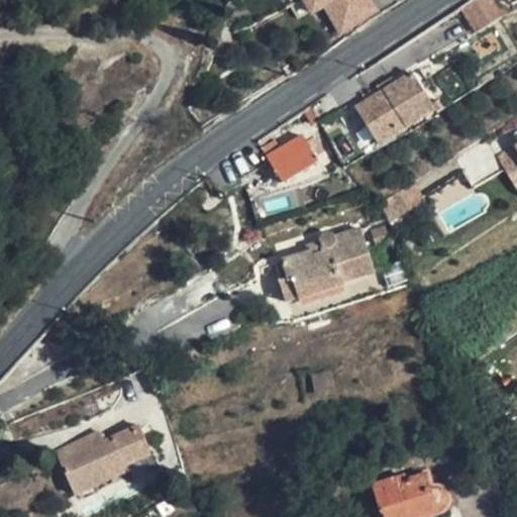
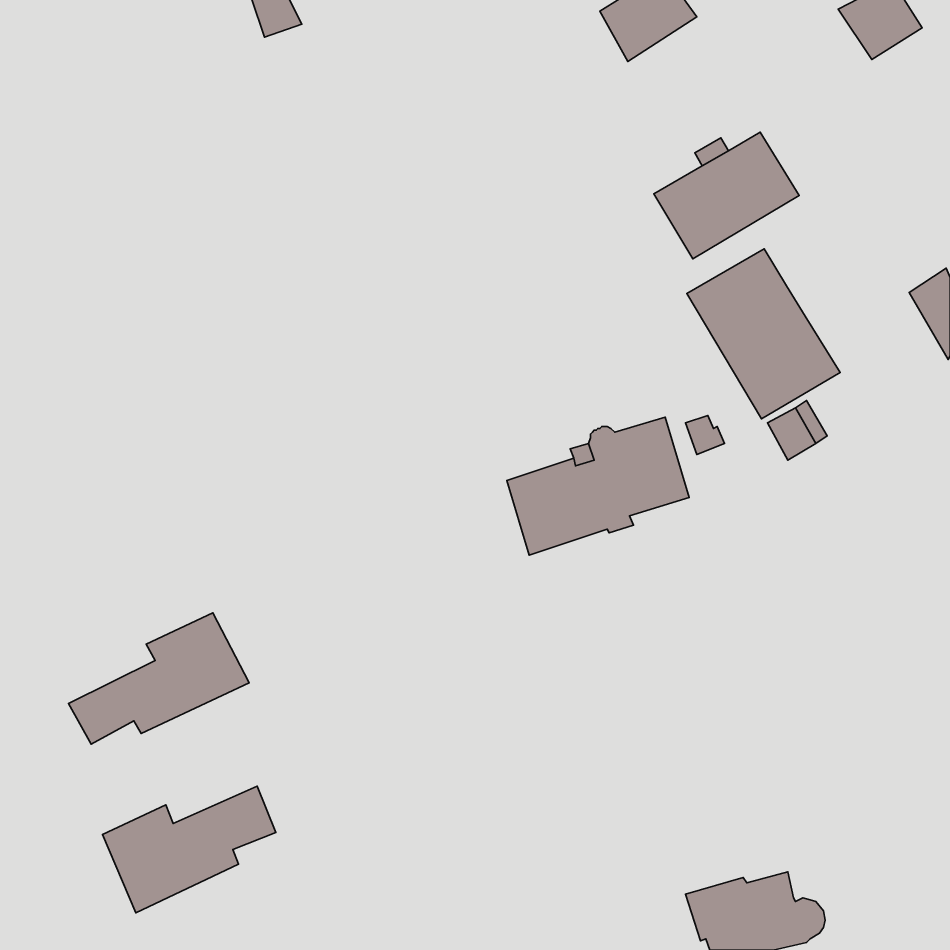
building: [267,134,322,182] -> none
building: none -> [687,249,840,419]
building: none -> [69,613,249,744]

